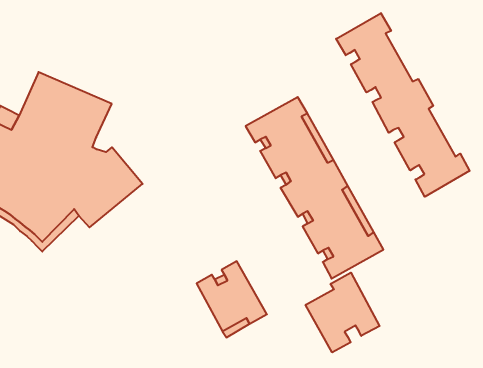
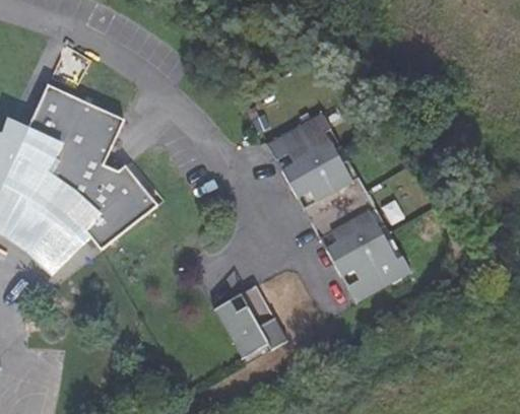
building: [336,13,470,197] -> none
building: [306,273,380,352] -> none

